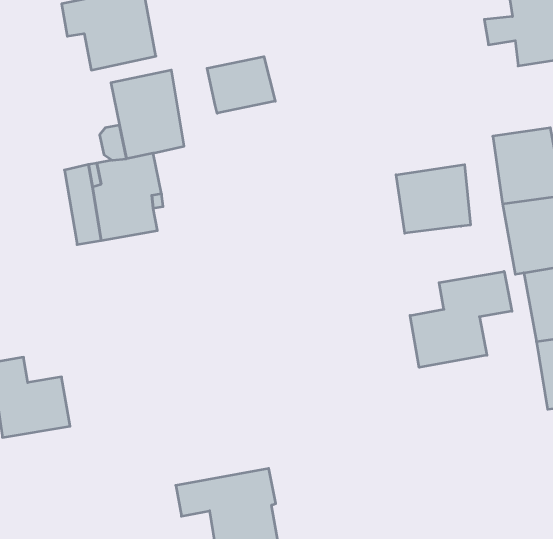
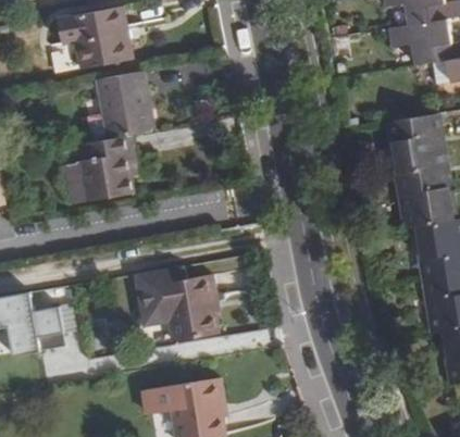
building: [207,57,275,113] -> none
building: [396,165,470,233] -> none
building: [410,271,512,367] -> none
building: none -> [137,265,217,341]

